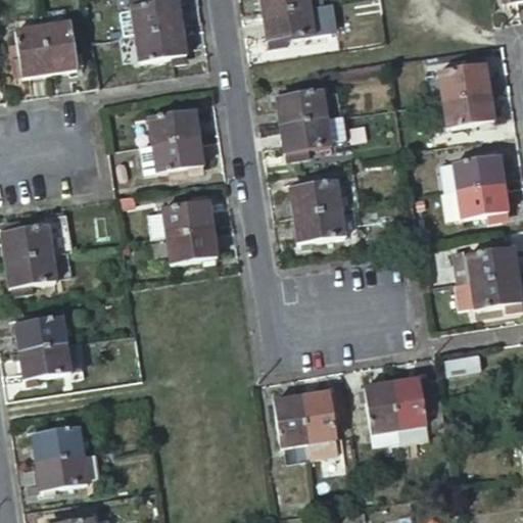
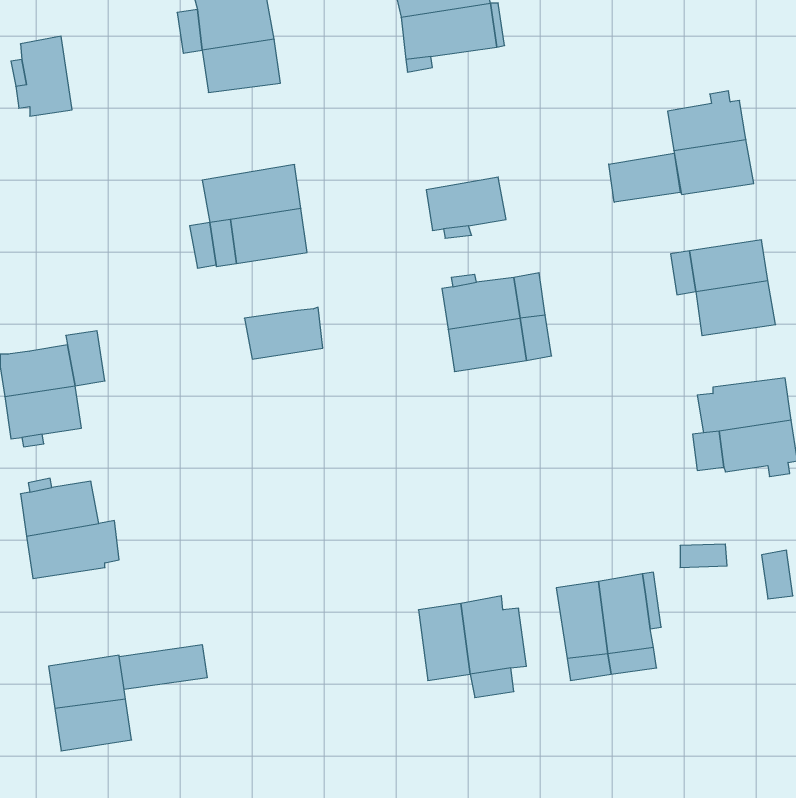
building: [43,19,78,72] -> none
building: [277,88,328,124] -> none
building: none -> [609,153,680,202]
building: [168,227,219,262] -> none
building: none -> [119,645,207,690]

